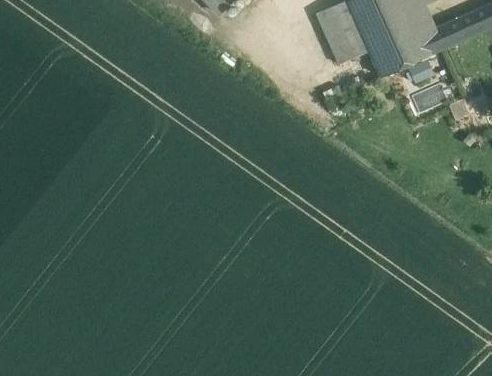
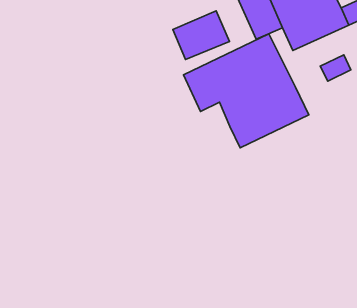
building: none -> [173,11,230,60]
building: none -> [183,34,309,148]

